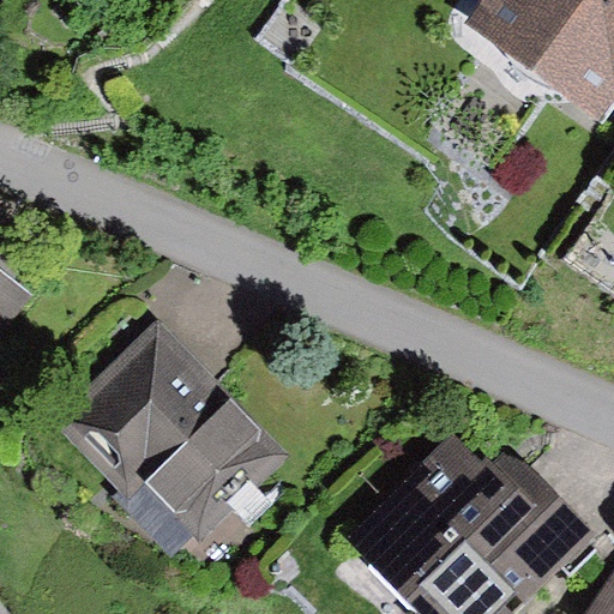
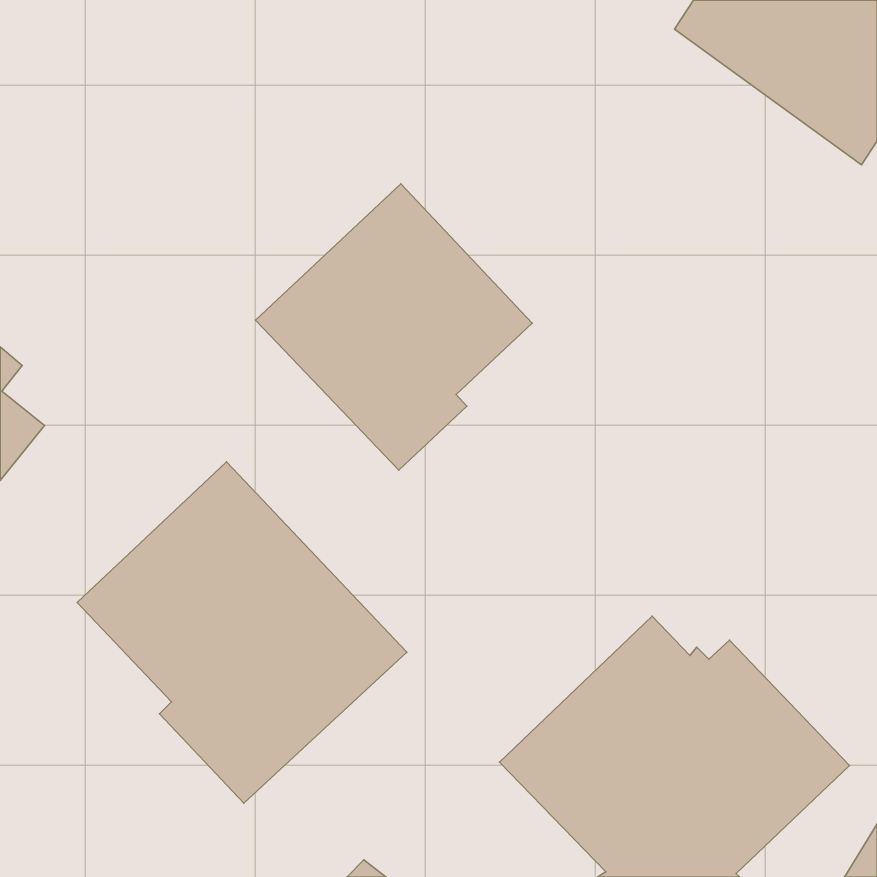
building: none -> [255,184,532,470]

